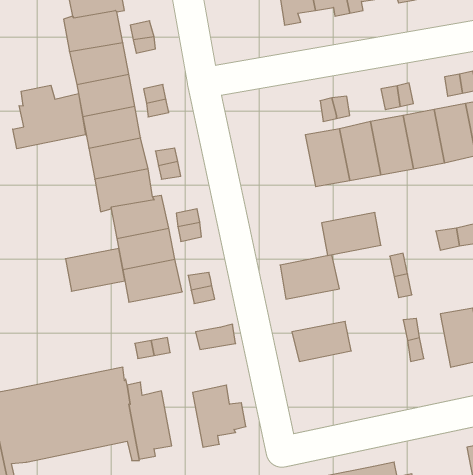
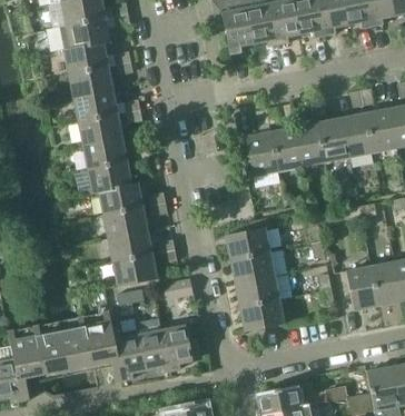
building: [13,85,86,149] -> none
building: [322,213,381,256] -> [231,251,276,284]
building: [65,248,125,291] -> [113,254,158,286]
building: none -> [241,298,286,331]
building: none -> [137,317,169,373]

